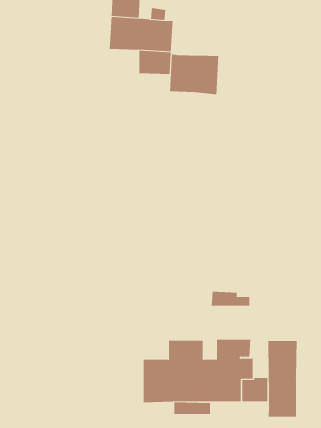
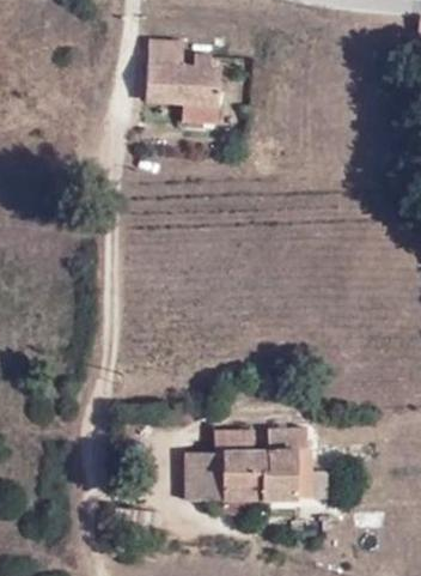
building: [170,54,219,95] -> none
building: [268,340,297,418] -> none

